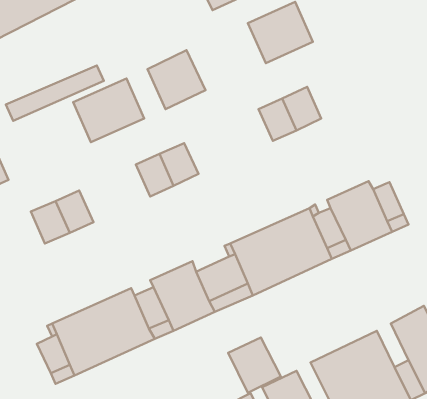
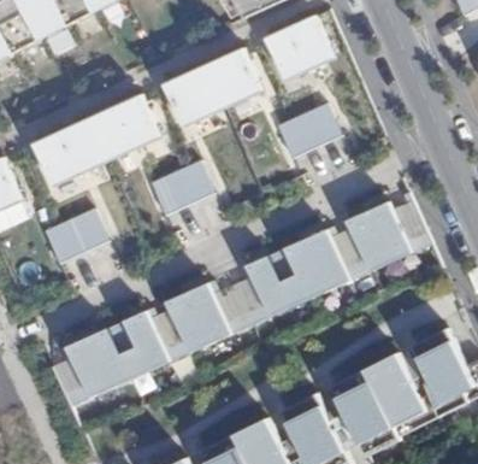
building: none -> [202,48,260,106]
building: none -> [34,118,105,184]
building: [228,338,281,393] -> none

